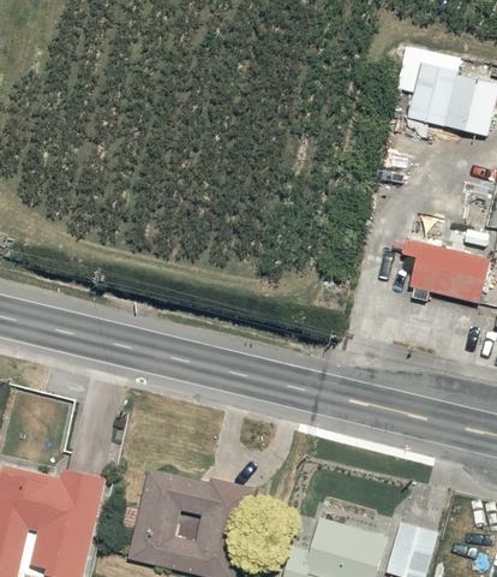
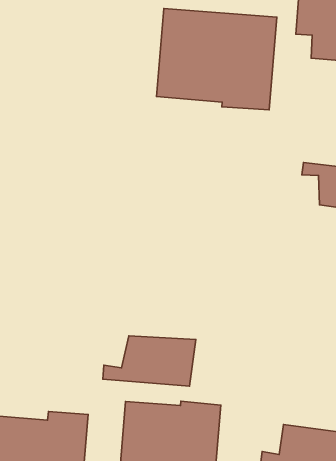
building: none -> [157,8,277,110]
building: none -> [103,336,196,386]

